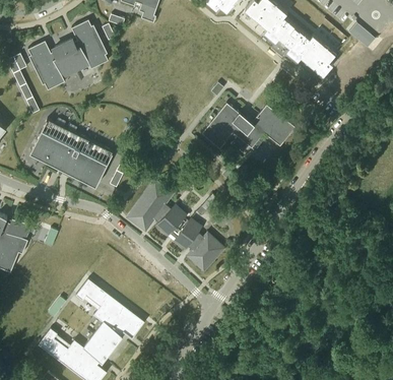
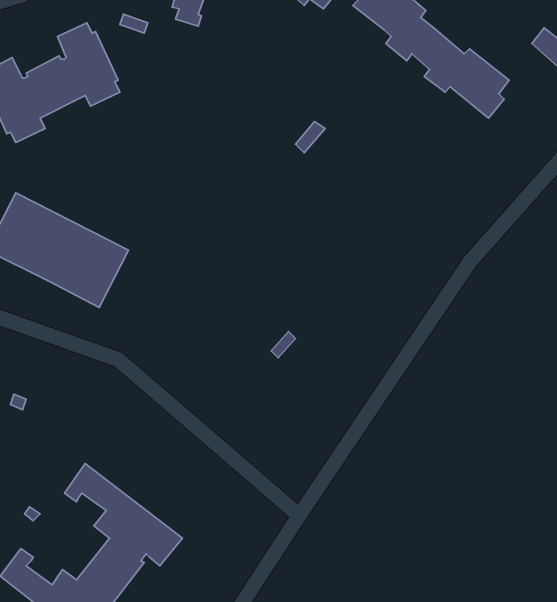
building: [201,104,294,151] -> none
building: [128,182,222,270] -> none

